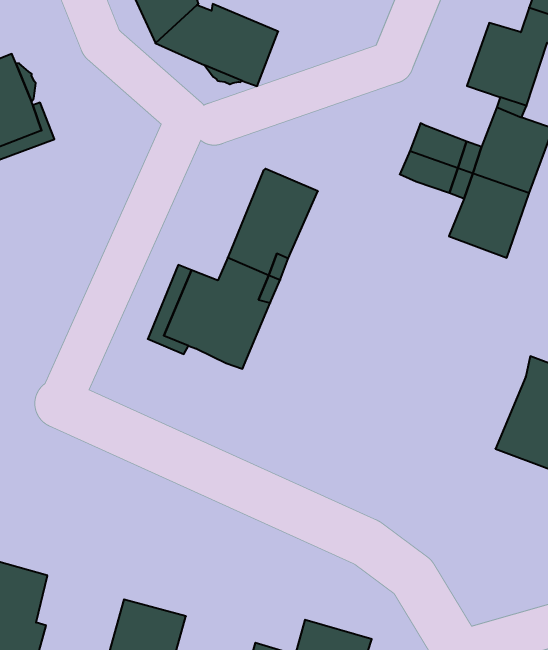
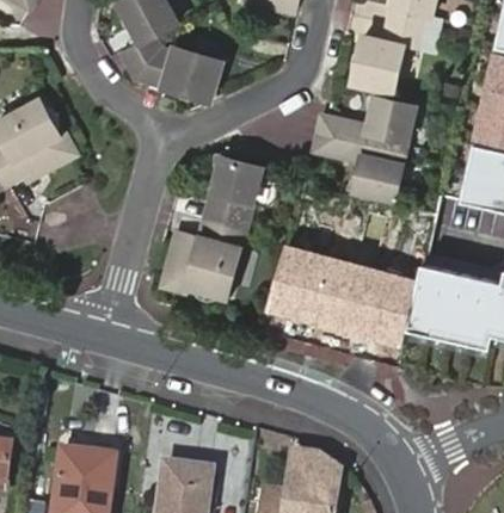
building: none -> [268,241,420,344]

